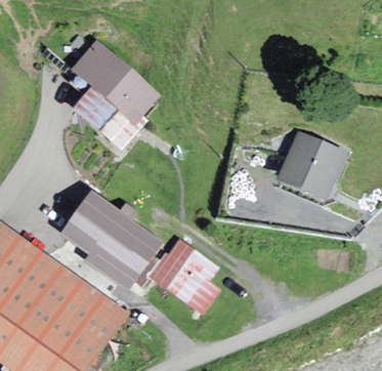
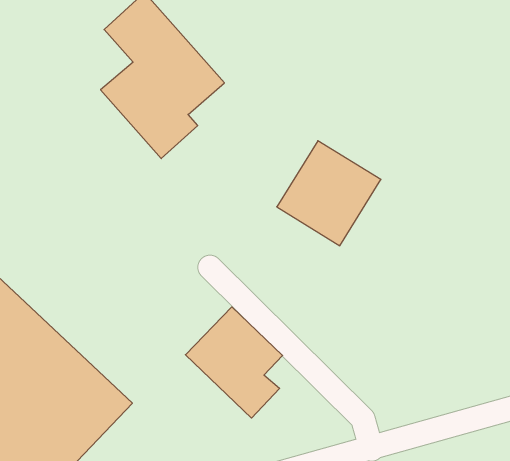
building: [279,135,343,201] -> [277,141,381,246]
building: [63,191,159,284] -> none

